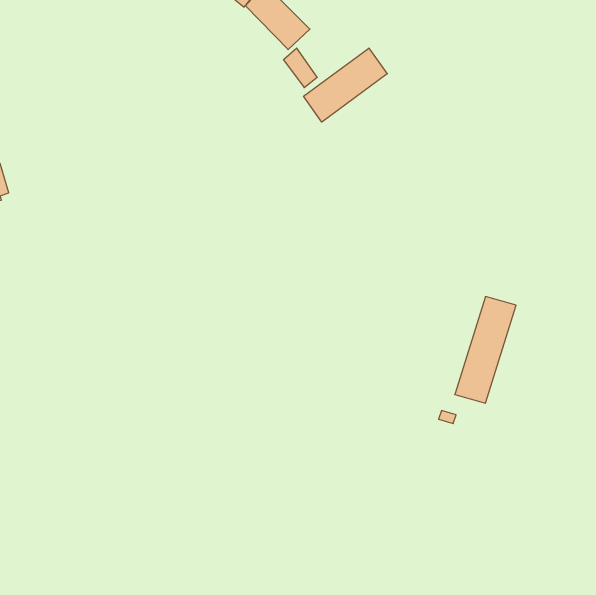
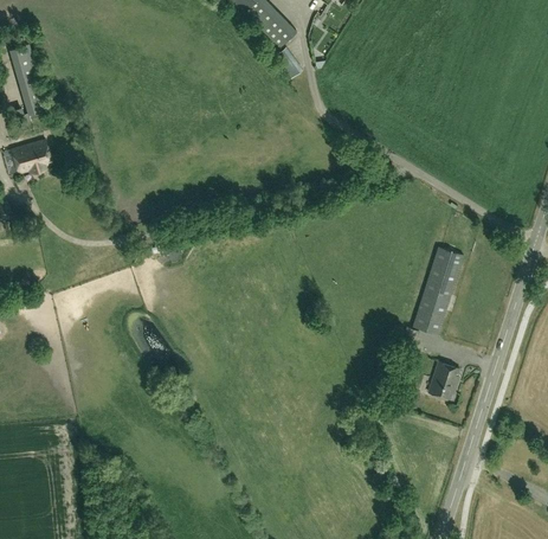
building: [304,48,387,122] -> none
building: none -> [428,362,459,399]

